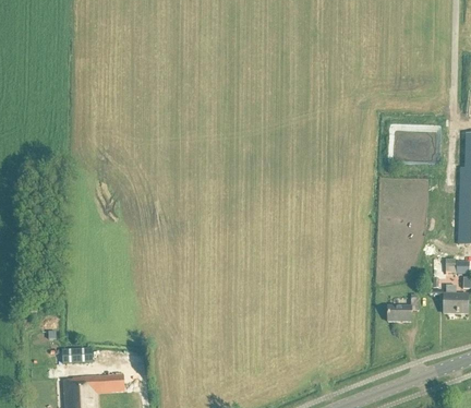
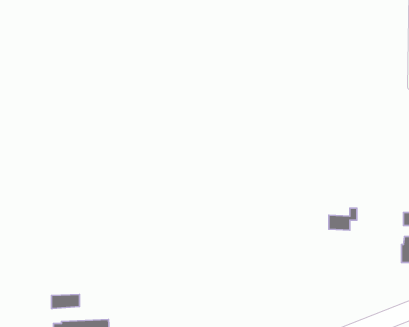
building: [388,297,419,321] -> [329,208,357,230]

